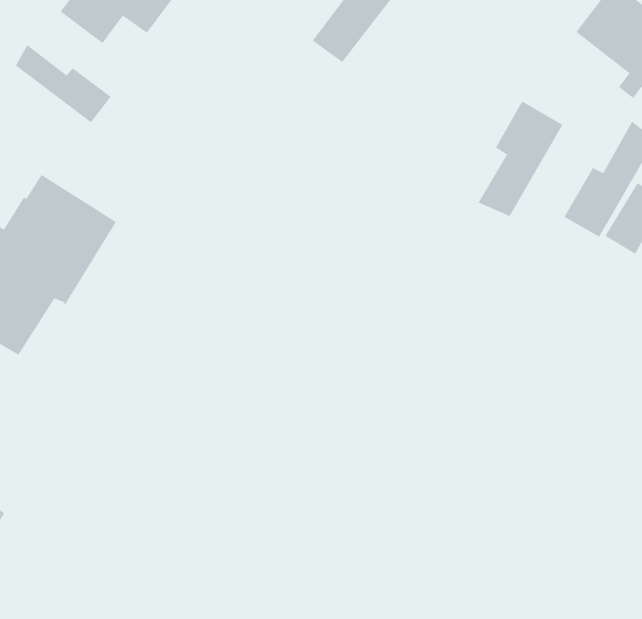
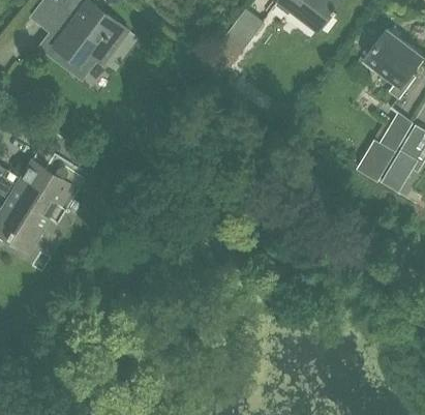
building: [15,44,111,123] -> none
building: [478,101,563,217] -> none

